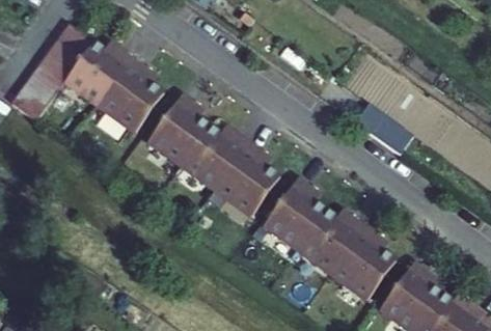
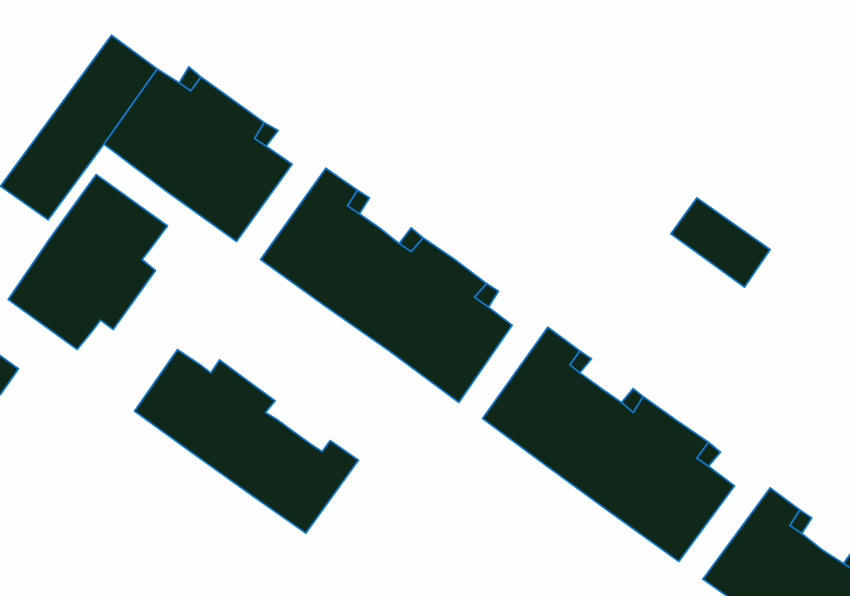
building: none -> [8,174,168,349]
building: none -> [134,350,359,533]

